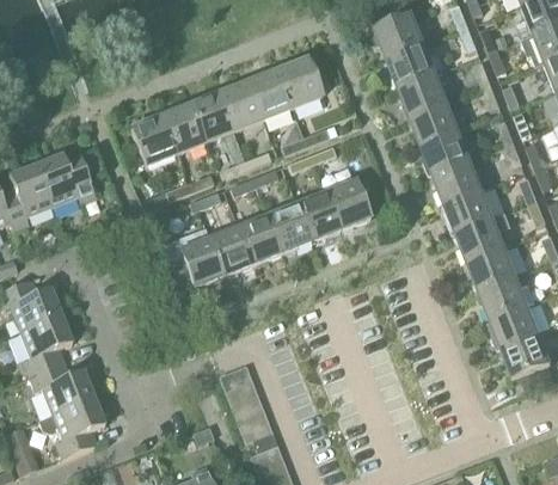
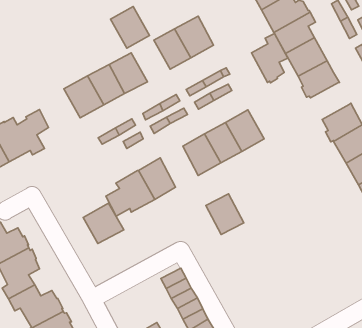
building: [219,79,264,129] -> [111,6,150,48]
building: none -> [251,34,288,83]
building: [433,160,482,203] -> none
building: [238,214,282,263] -> [206,194,244,235]
building: none -> [83,203,124,243]

